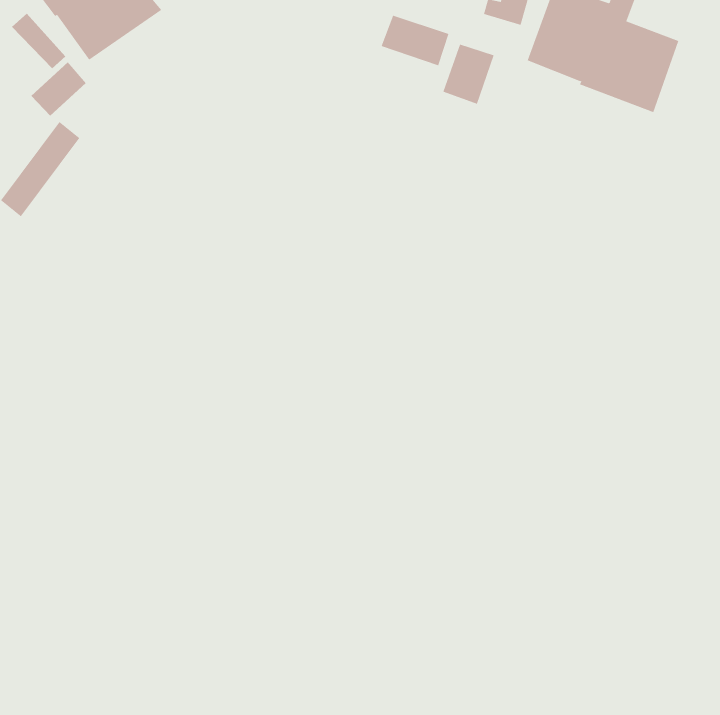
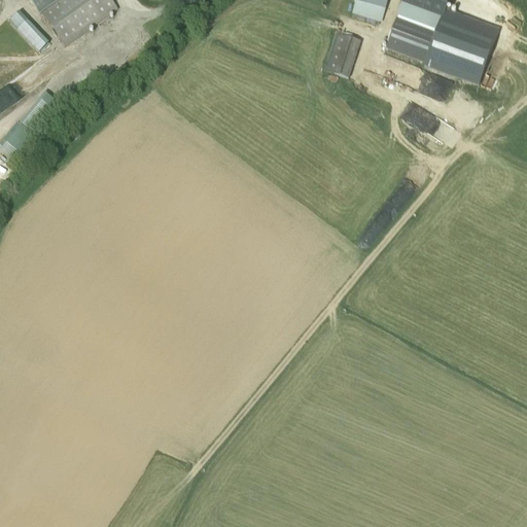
building: [381,15,449,66] -> none
building: [30,62,86,117] -> none

